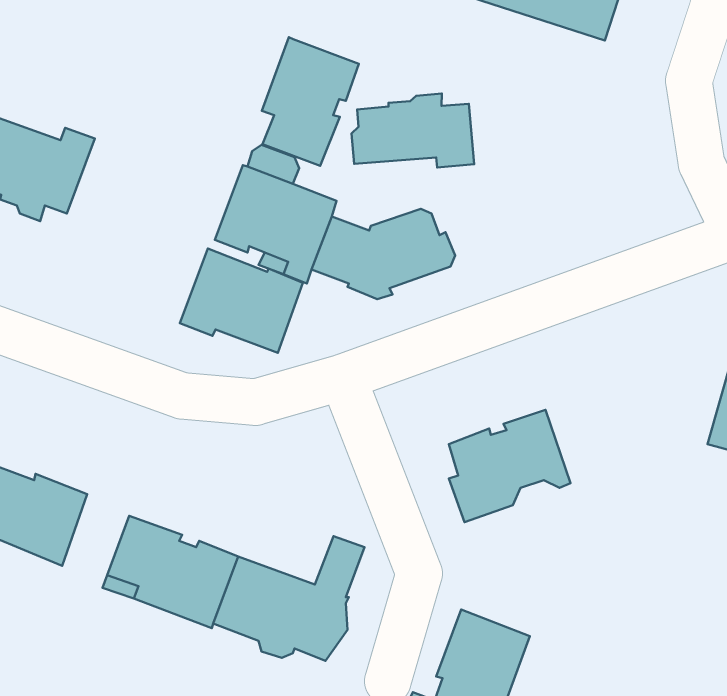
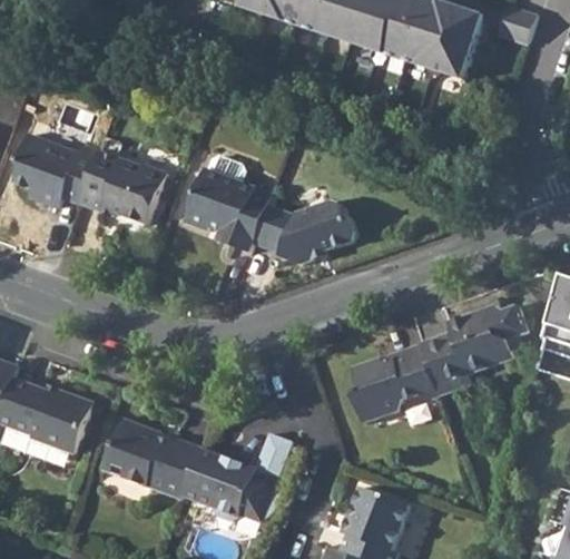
building: [262,37,359,166] -> none
building: [352,93,474,167] -> none
building: [180,248,303,353] -> [78,149,166,224]
building: none -> [420,305,527,395]

